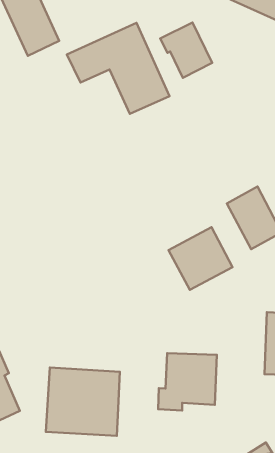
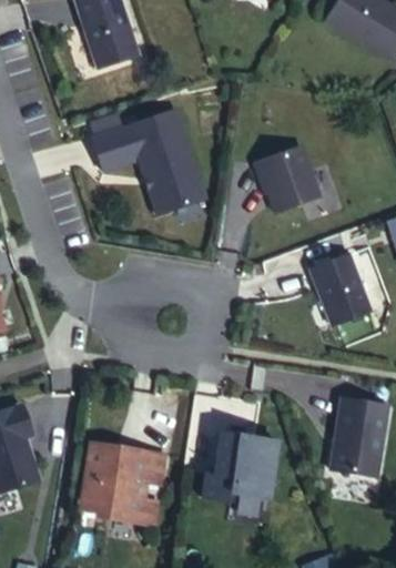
building: [160,22,212,78] -> [261,145,318,209]
building: [67,23,170,114] -> [91,110,205,215]
building: [168,227,232,290] -> none

